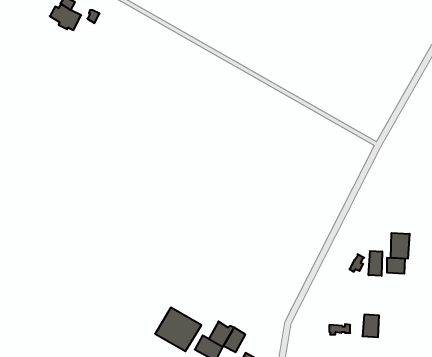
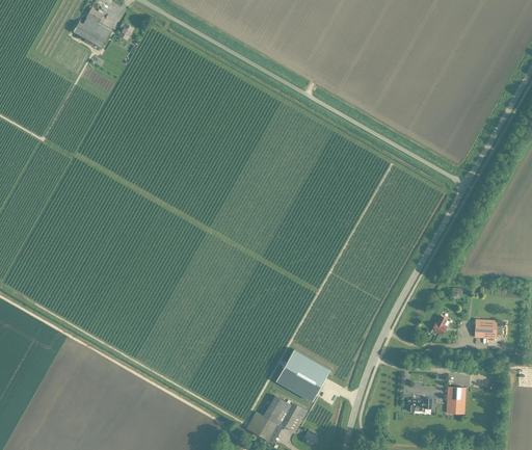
building: [391,233,410,259] -> none
building: [369,251,382,276] -> none
building: [155,308,201,351] -> [275,349,330,401]

